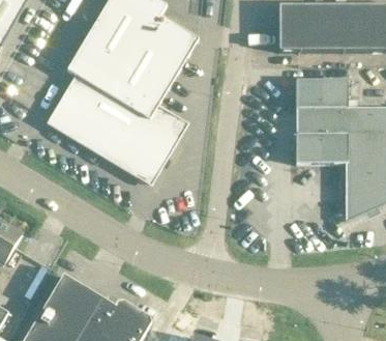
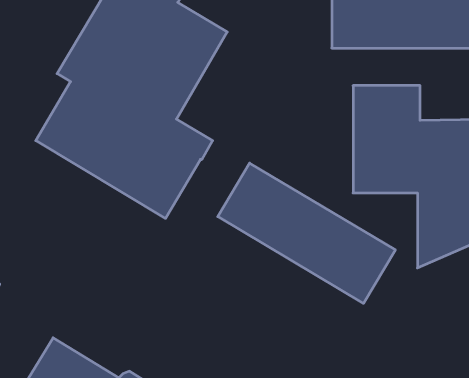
building: none -> [218,163,395,303]

